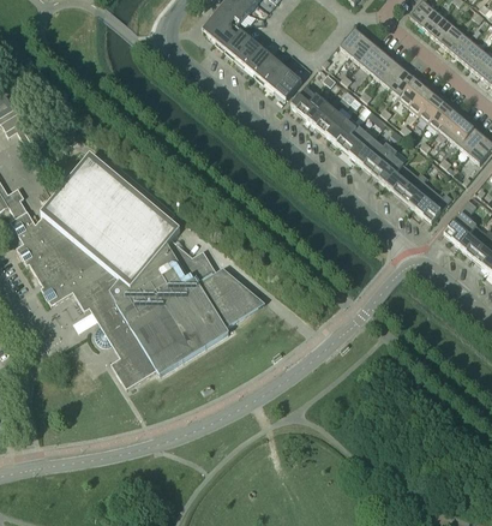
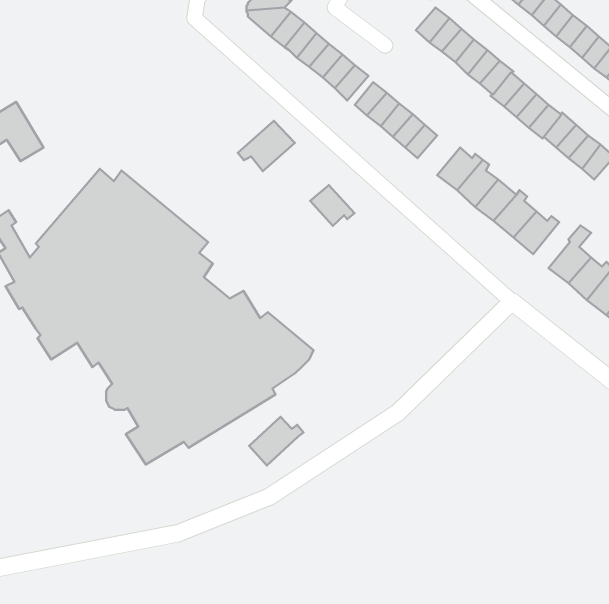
building: none -> [238,121,295,171]
building: [340,121,373,159] -> none
building: none -> [310,185,354,226]
building: none -> [249,417,303,465]

